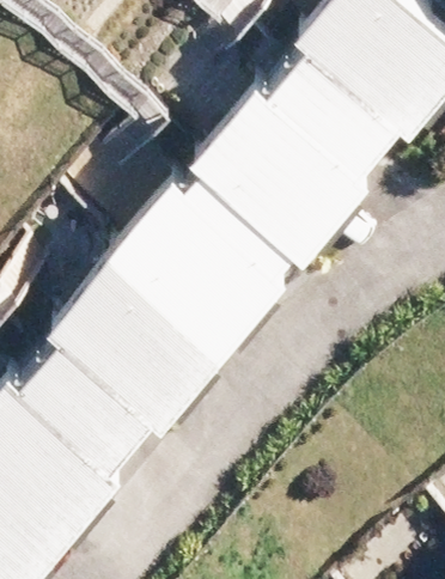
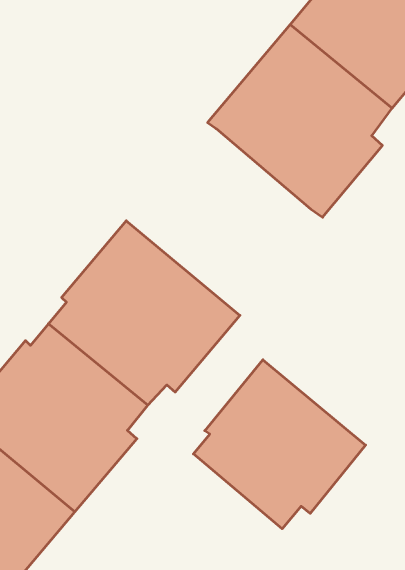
building: [139,130,323,317] -> none
building: none -> [193,360,366,529]

